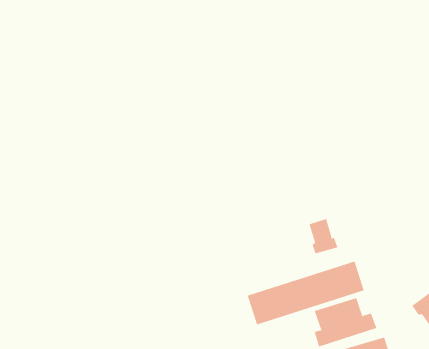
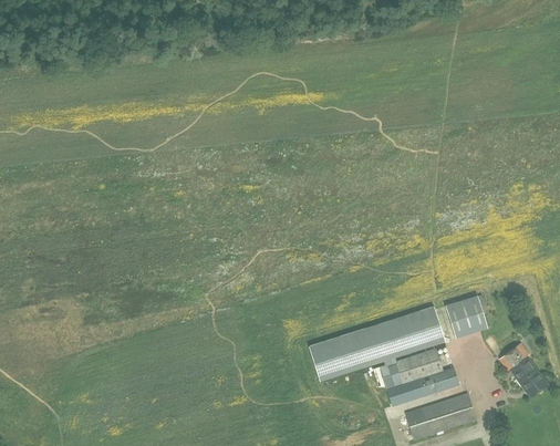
building: [309,218,338,254] -> none
building: none -> [444,294,486,336]

